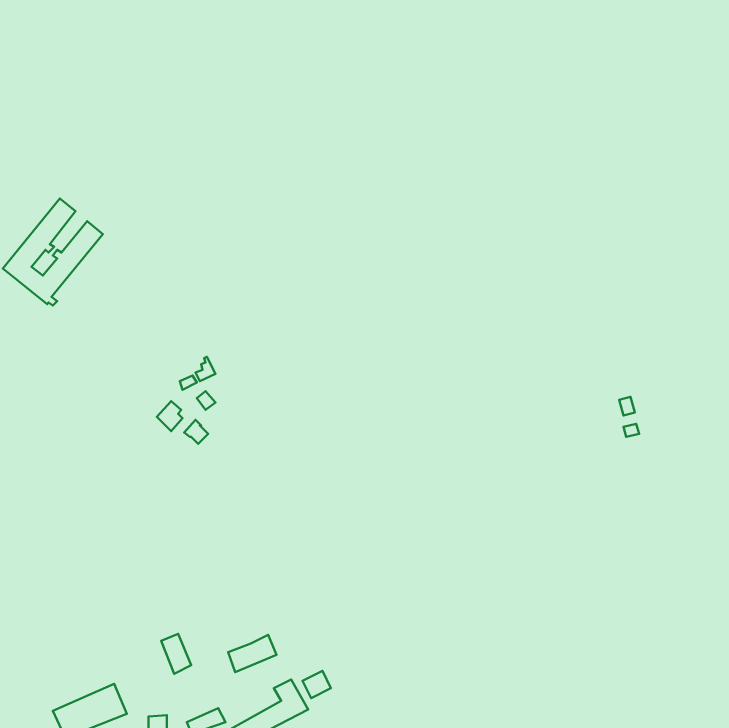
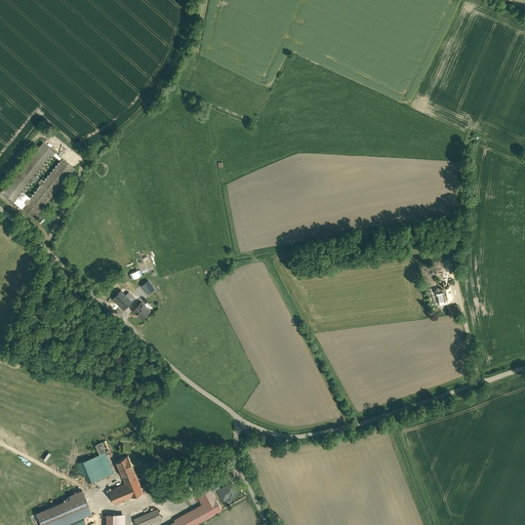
building: none -> [77,454,110,484]
building: [228,635,277,672] -> [109,479,144,506]

